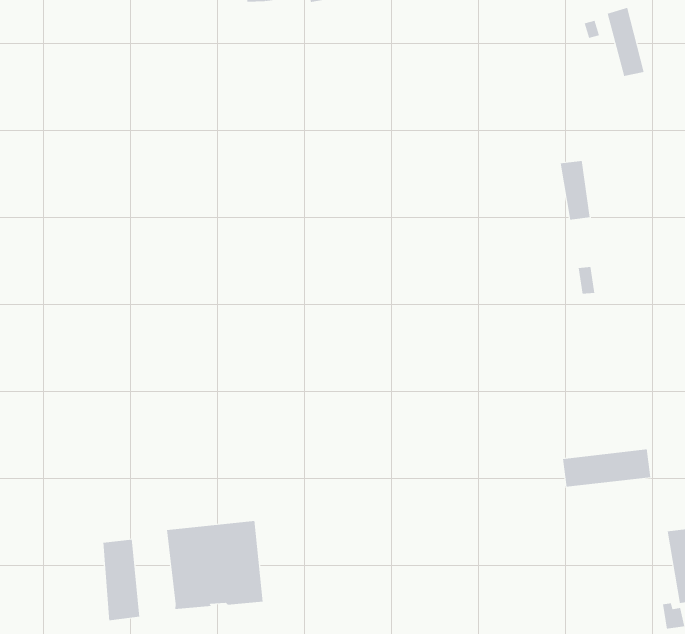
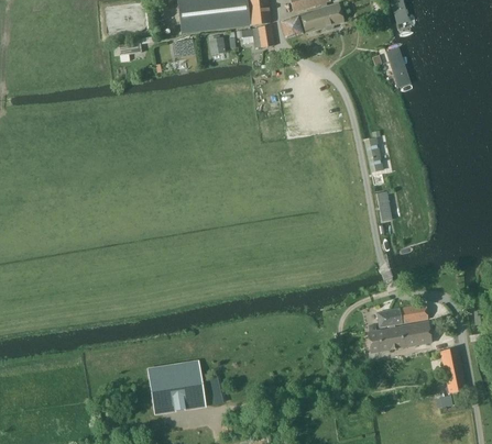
building: none -> [367,321,433,354]
building: [103,539,140,621] -> none

